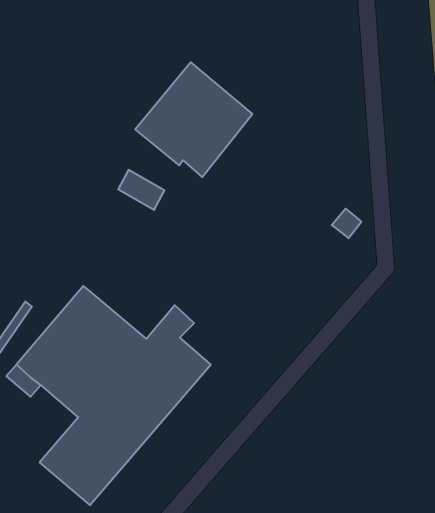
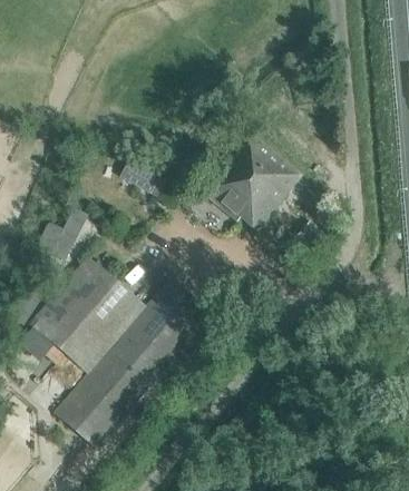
building: [135,62,252,177] -> [199,131,301,230]
building: none -> [39,206,89,259]

